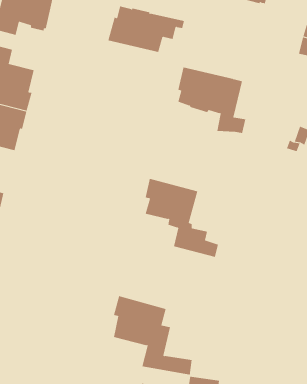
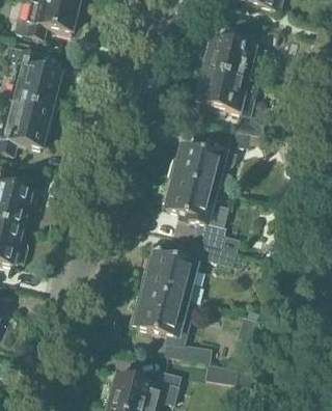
building: [108,6,185,53] -> [202,34,276,79]
building: none -> [170,127,252,186]
building: none -> [141,239,237,298]

